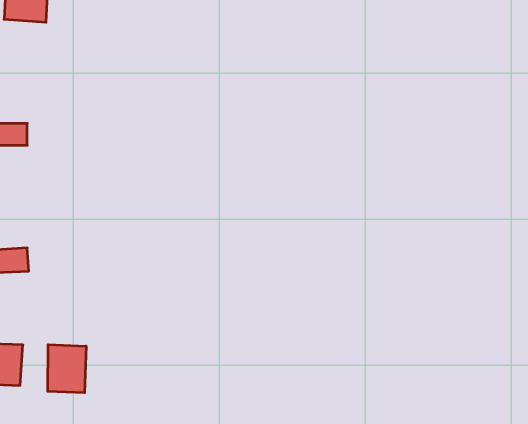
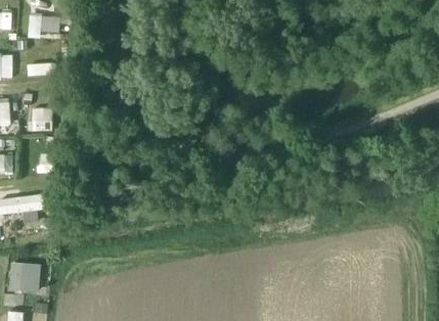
building: [48,345,86,393] -> none

